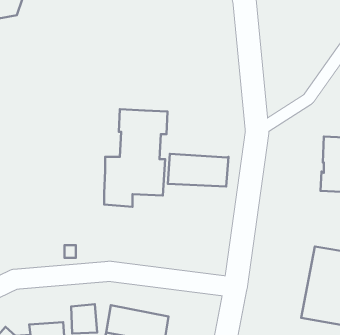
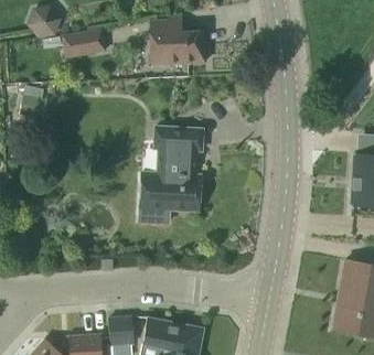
building: none -> [62,29,106,57]
building: none -> [151,31,206,65]
building: [168,154,228,187] -> none

